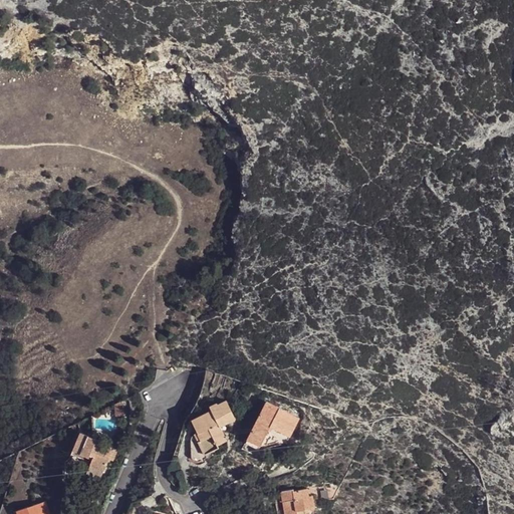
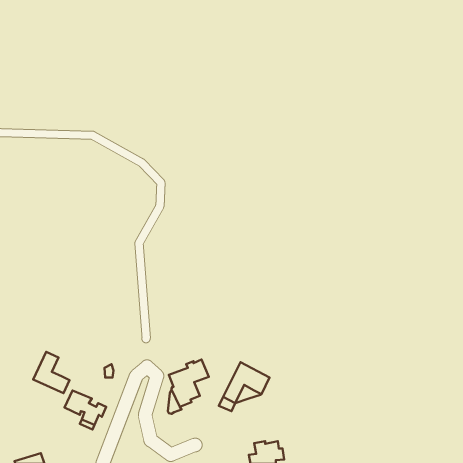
building: none -> [33,352,70,393]

